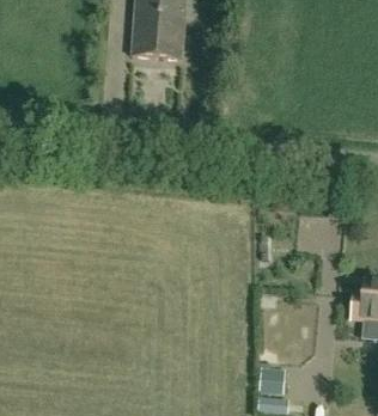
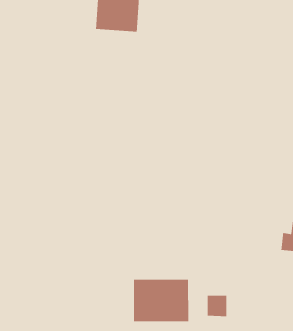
building: none -> [133,279,189,322]

